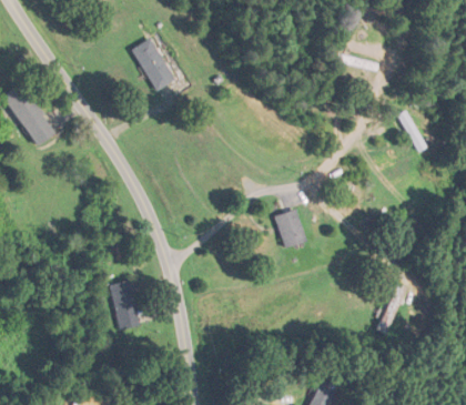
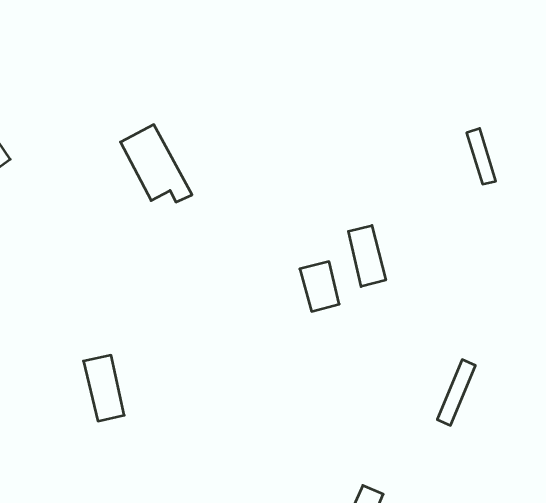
building: [131,34,185,93] -> [120,125,192,202]
building: none -> [348,225,386,287]

